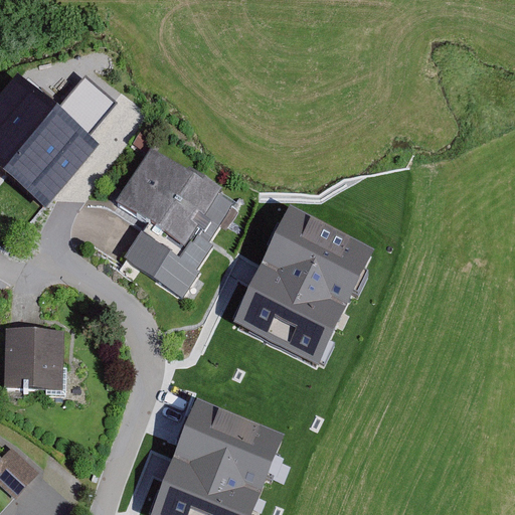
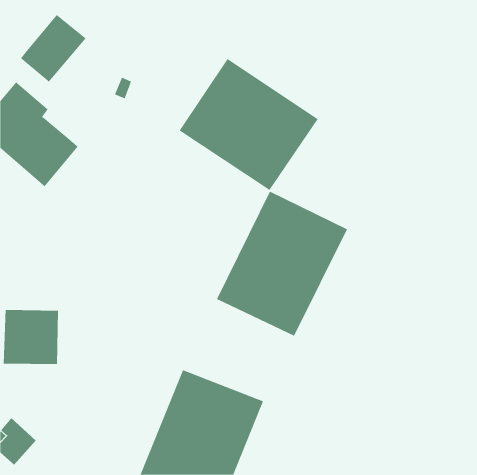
building: none -> [179,58,318,191]
building: [46,78,118,152] -> [20,14,87,82]
building: [114,152,232,298] -> none

